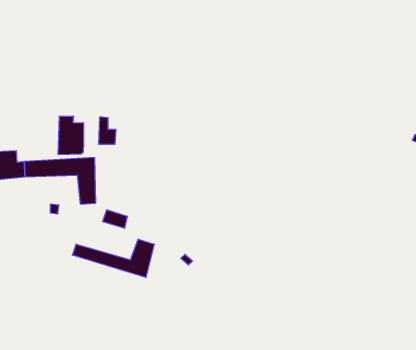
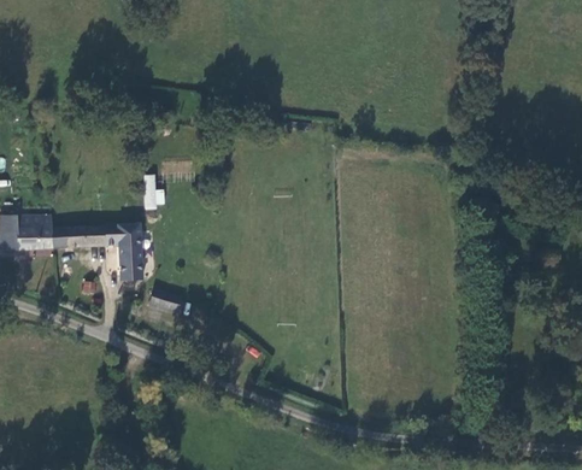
building: [58,116,84,155] -> none
building: [72,239,154,278] -> none

